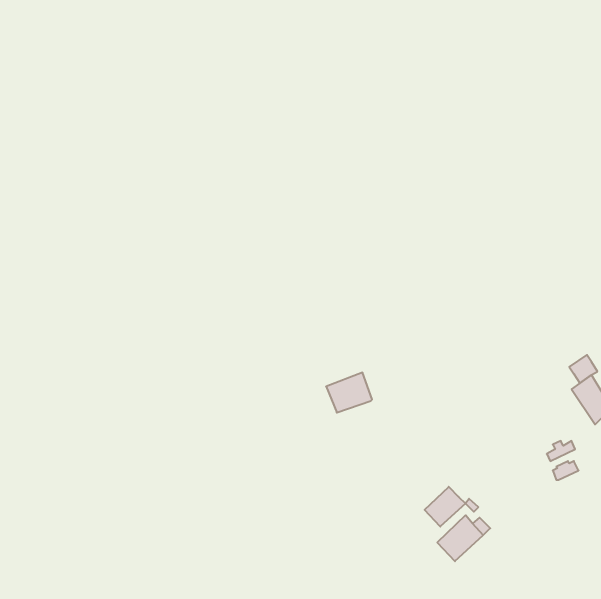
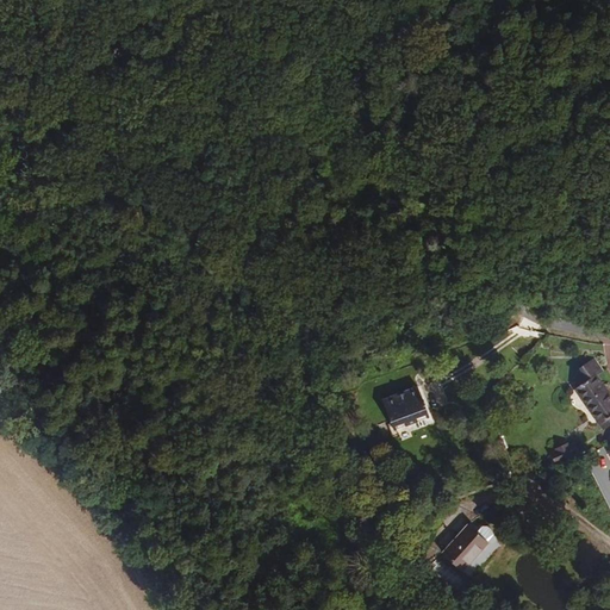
building: [326,373,372,413] -> [382,384,429,424]
building: [425,487,465,527] -> none

